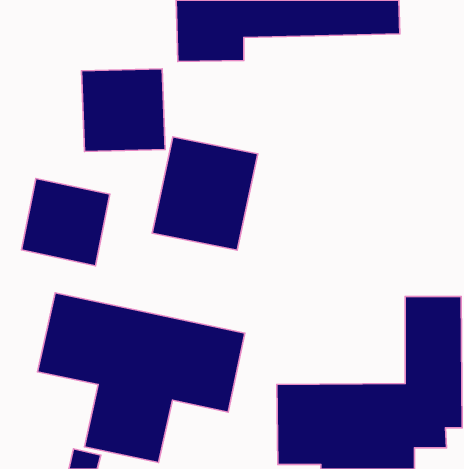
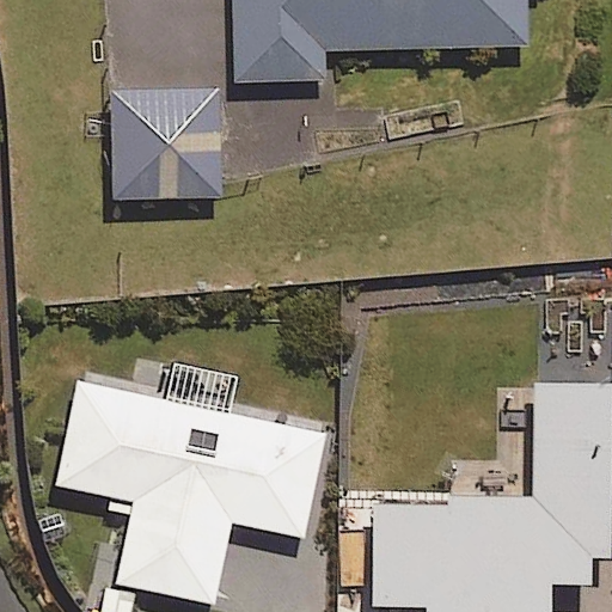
building: [152,137,258,250] -> none
building: [21,178,110,266] -> none

